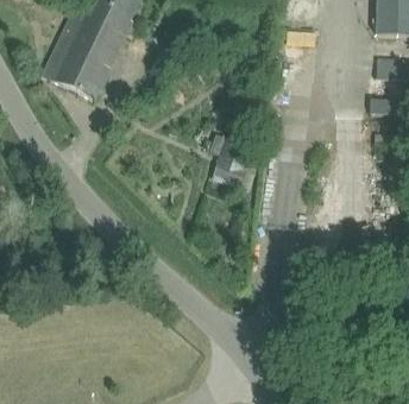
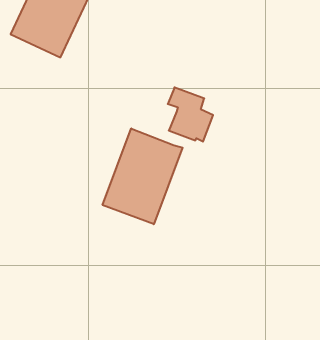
building: none -> [103,128,183,224]

